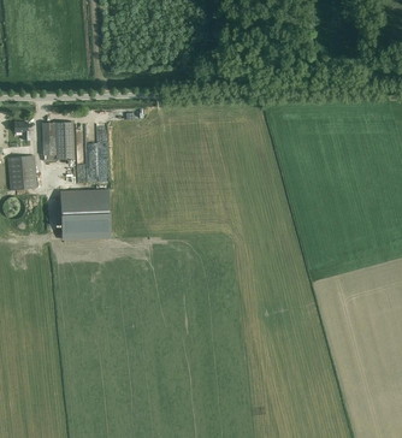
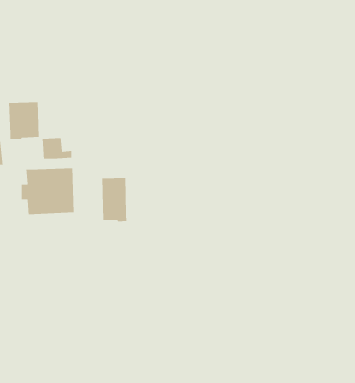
building: none -> [102,177,127,222]

